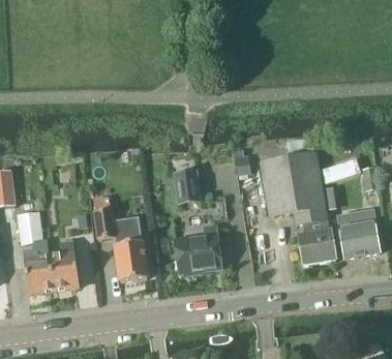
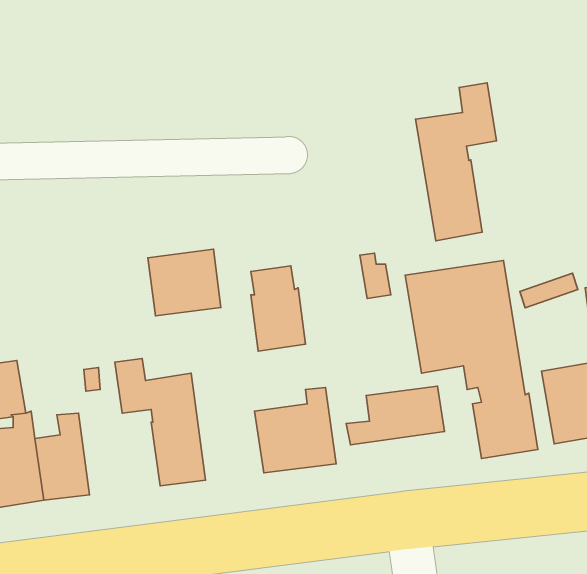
building: none -> [415,83,496,241]
building: none -> [148,249,221,316]
building: none -> [346,386,445,445]

